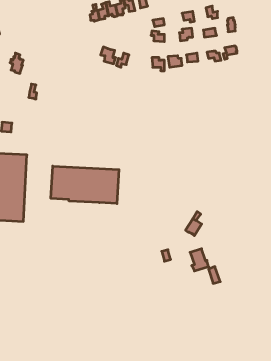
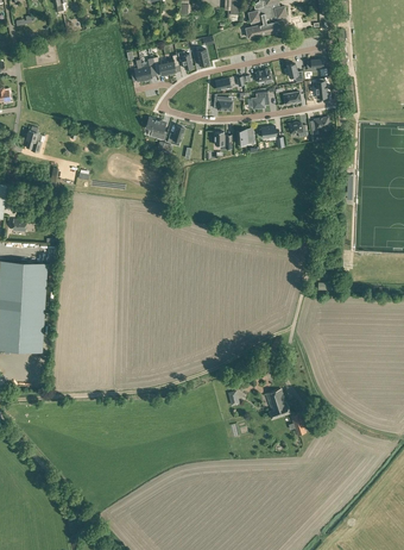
building: [51,166,119,204] -> none

